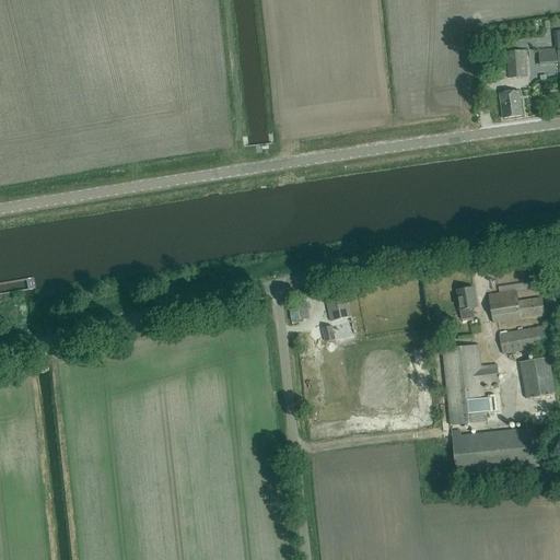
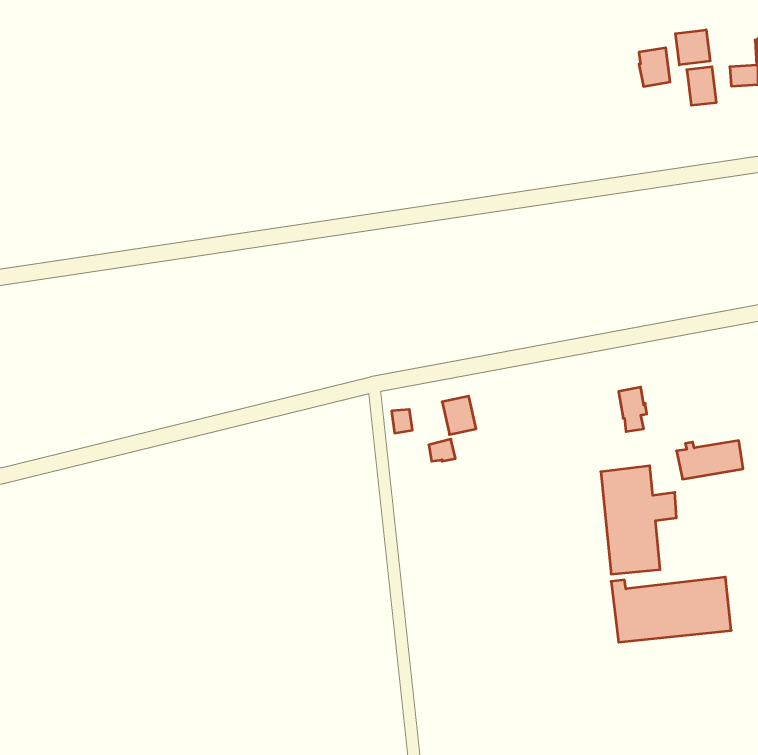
building: none -> [675,30,710,65]
building: [500,89,523,117] -> [639,48,670,86]
building: [489,289,545,322] -> none
building: [520,355,555,397] -> none

